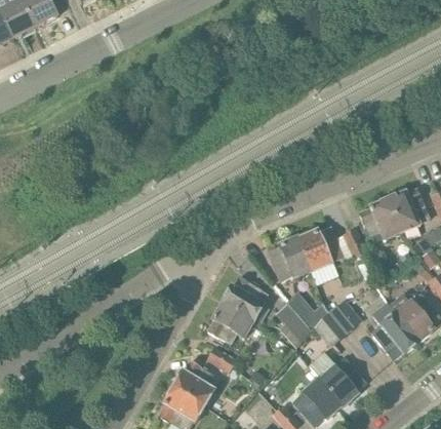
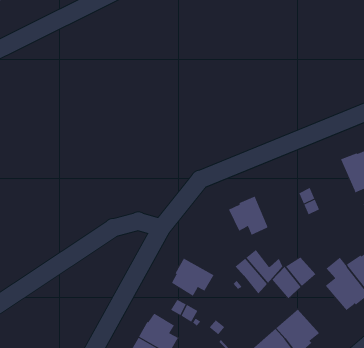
building: [359,198,402,242] -> none
building: [296,227,343,273] -> none
building: [221,276,264,321] -> none

